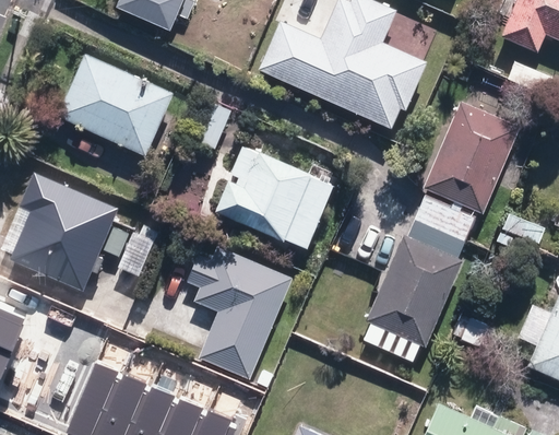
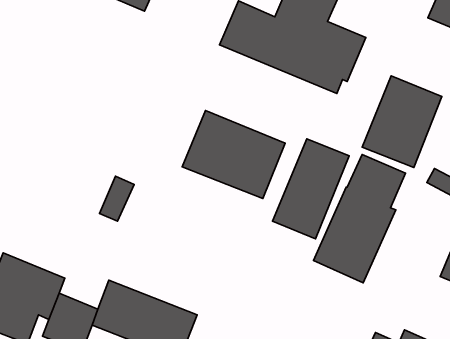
building: [57,54,175,155] -> none
building: [12,173,128,291] -> none
building: none -> [273,139,349,239]
building: [186,246,293,378] -> none

